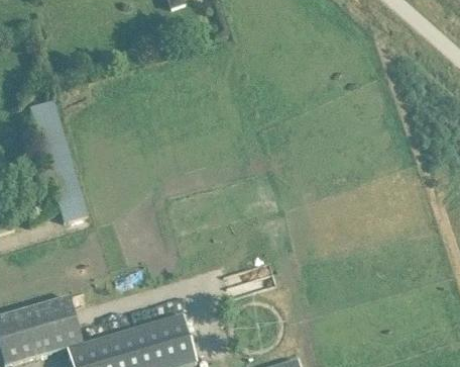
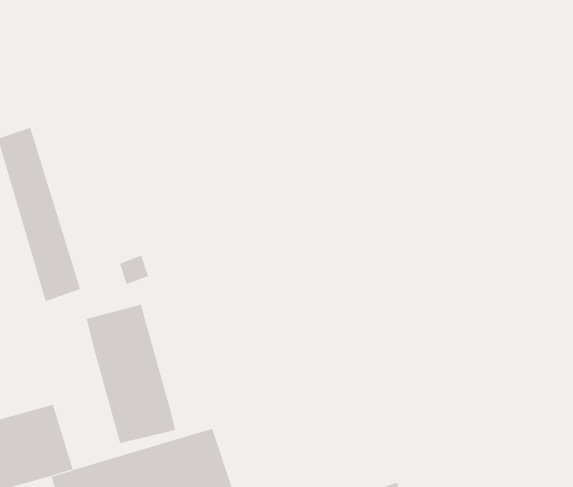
building: none -> [86,304,176,444]

